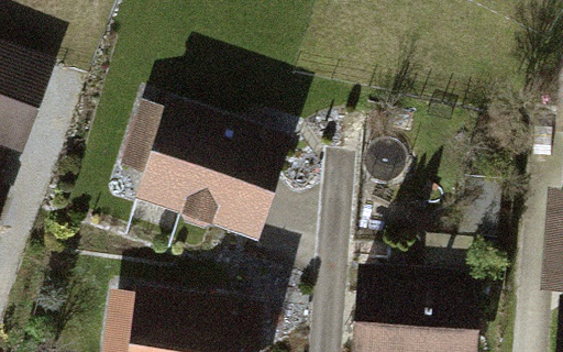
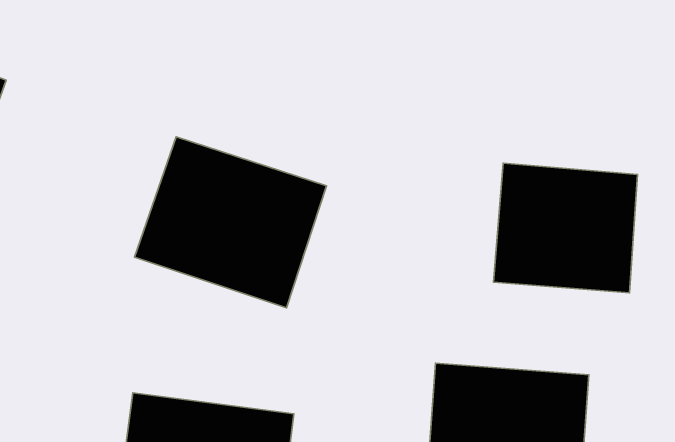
building: none -> [494,163,638,293]

